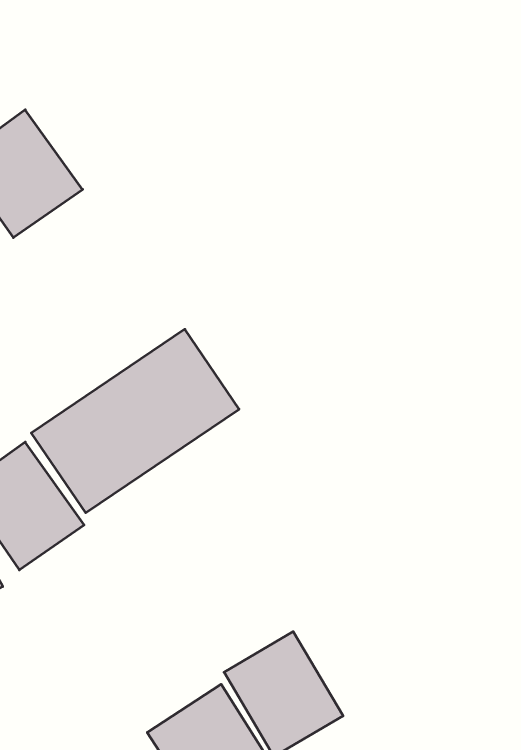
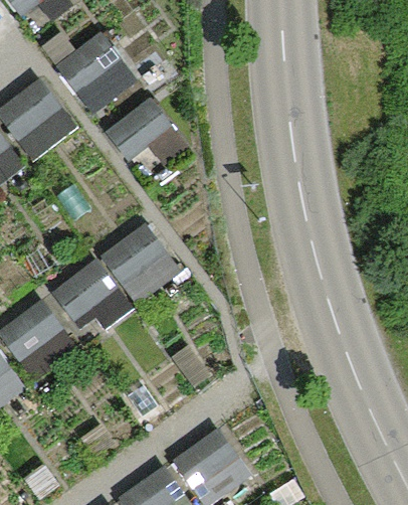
building: none -> [57,33,137,114]
building: none -> [104,98,190,185]

